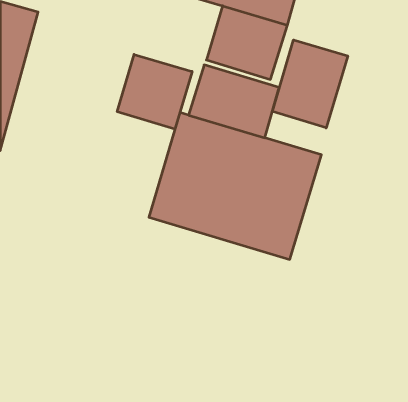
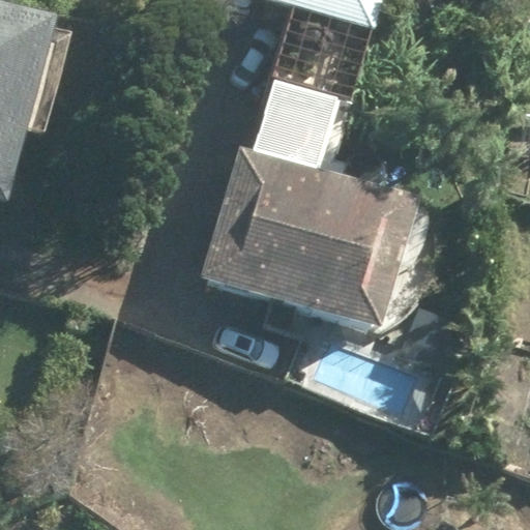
building: [272,40,348,128] -> none
building: [117,54,192,129] -> none

